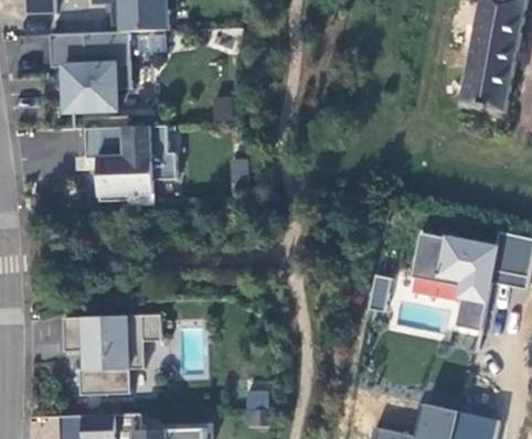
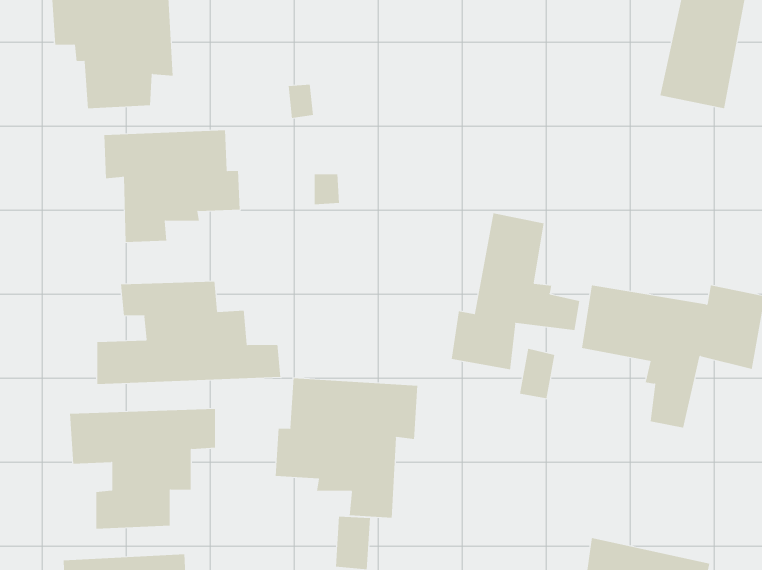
building: none -> [451,212,580,370]
building: none -> [97,281,281,385]
building: none -> [275,377,418,519]

